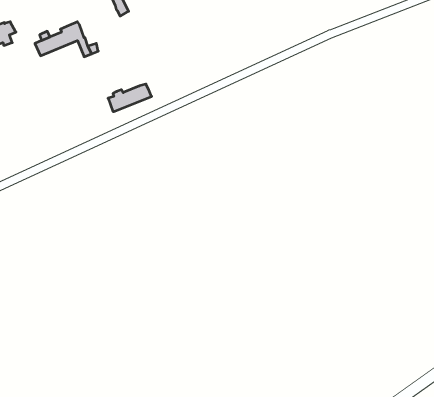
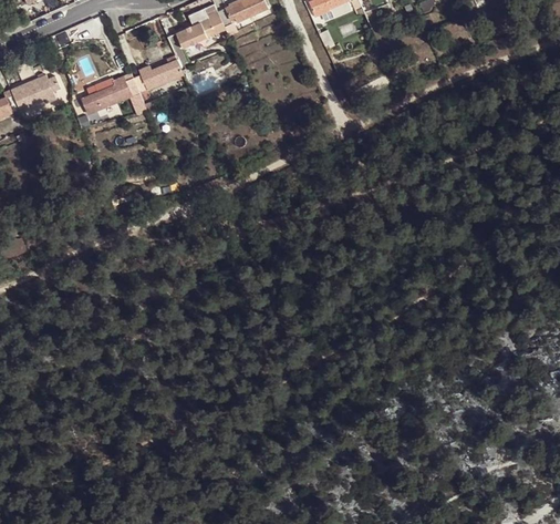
building: [108,84,152,111] -> [132,61,183,93]

